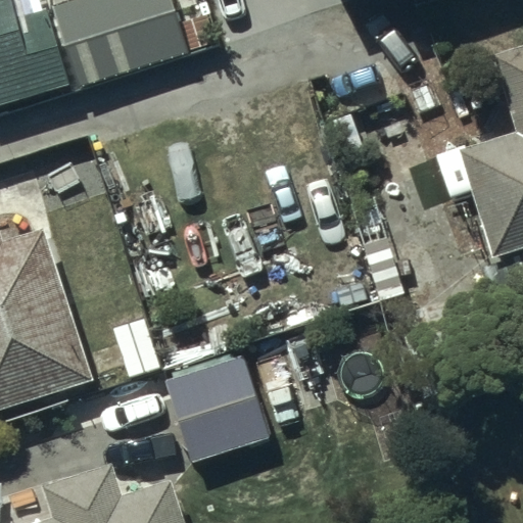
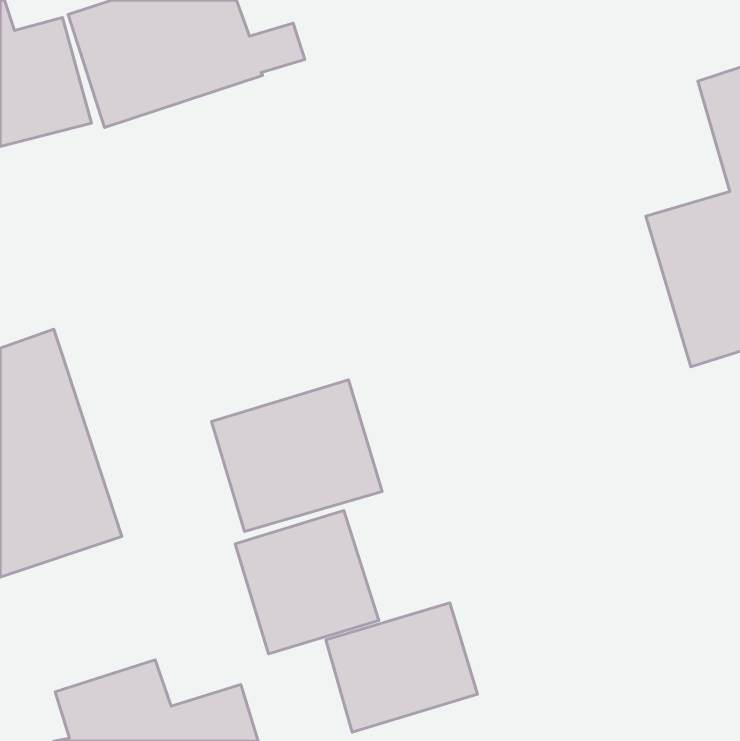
building: none -> [212,380,382,532]
building: none -> [326,603,477,732]

